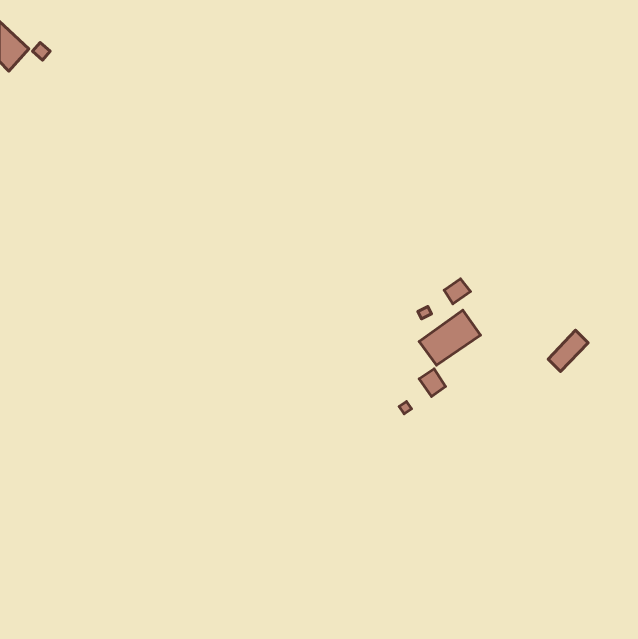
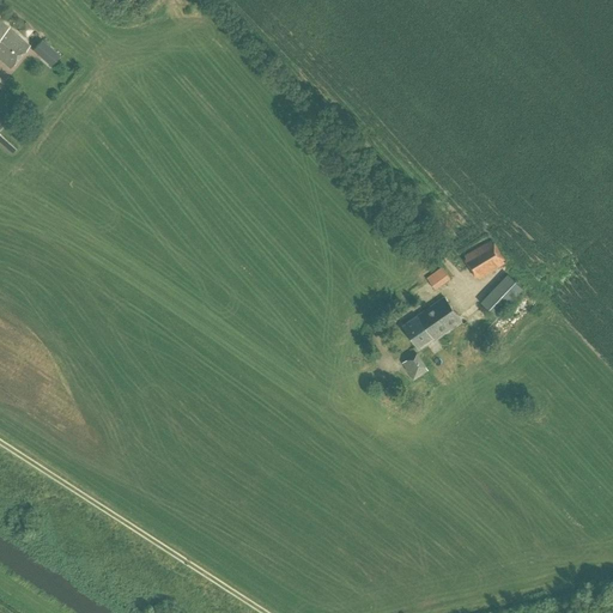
building: none -> [465,242,502,279]
building: [548,330,588,372] -> [481,277,520,316]

